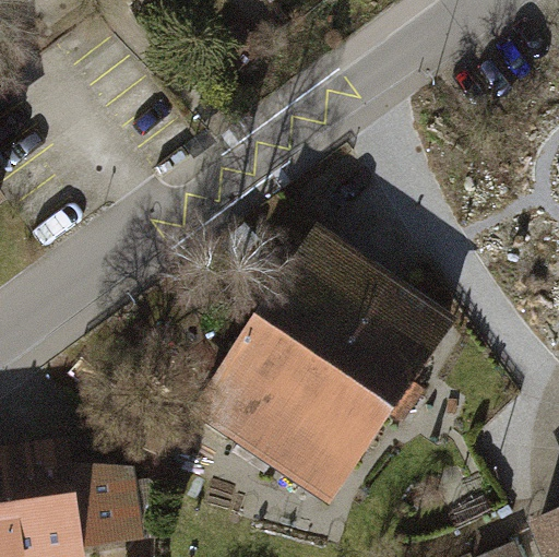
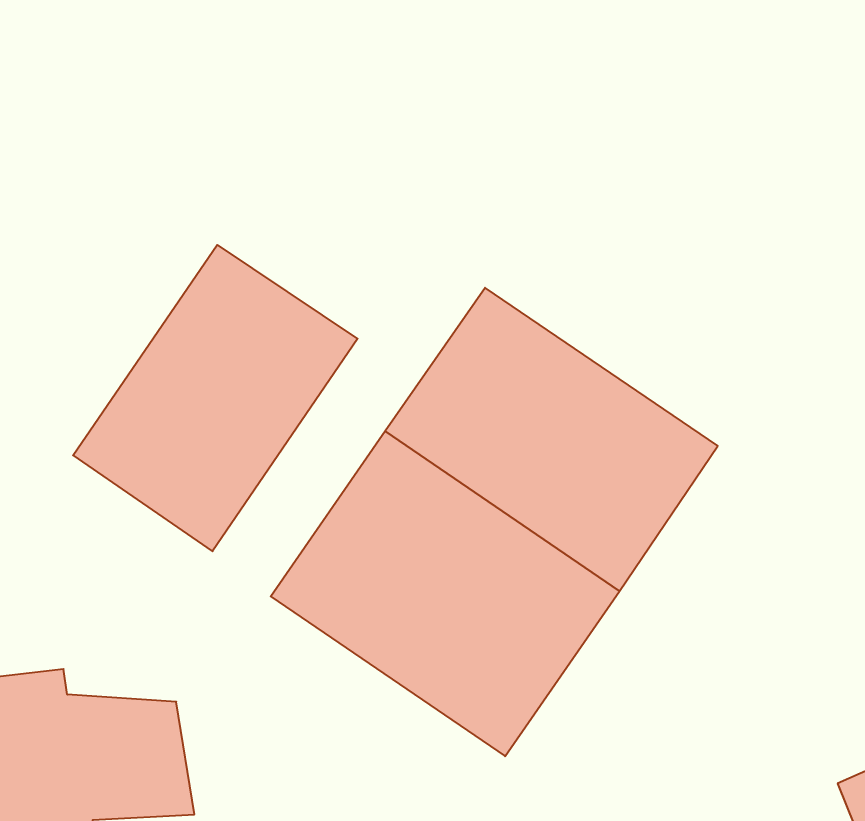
building: none -> [73,245,358,551]

